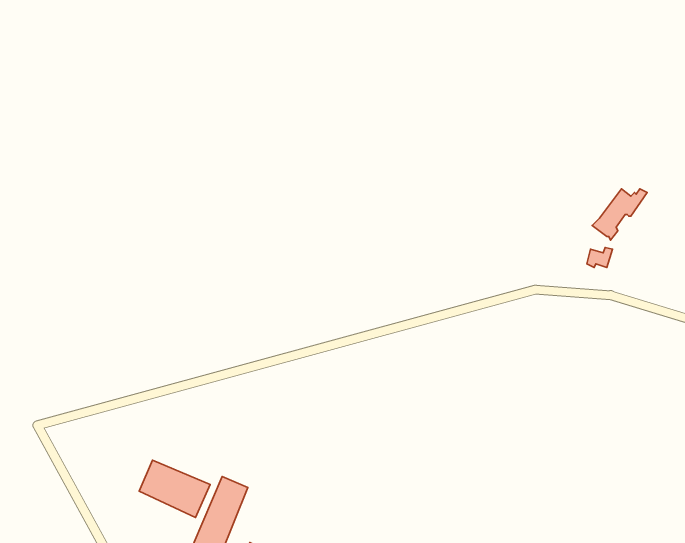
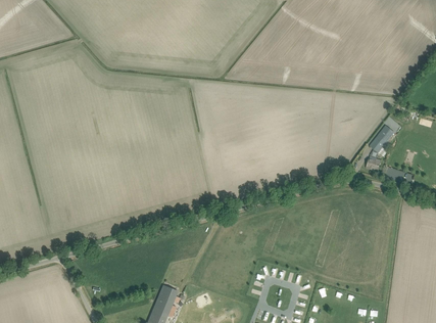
building: [139,460,210,517] -> none

